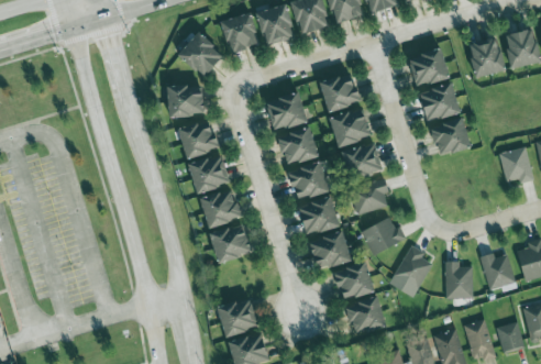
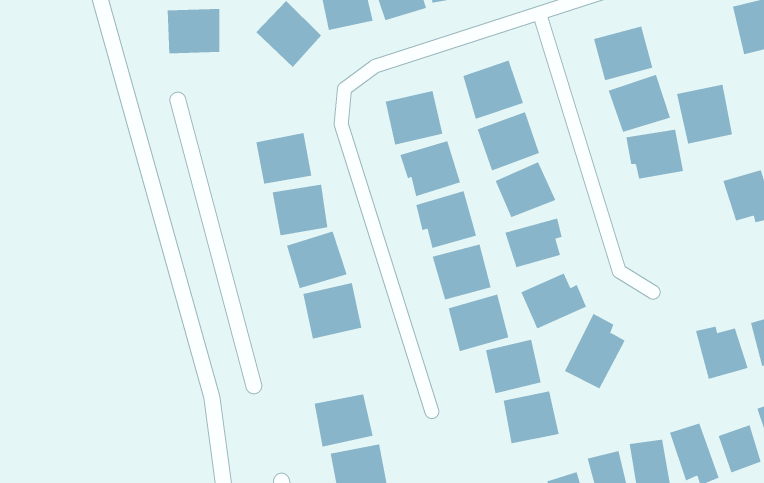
building: [468,37,507,78] -> [676,84,733,144]
building: [169,86,206,117] -> [167,9,220,54]
building: [444,262,473,299] -> none

